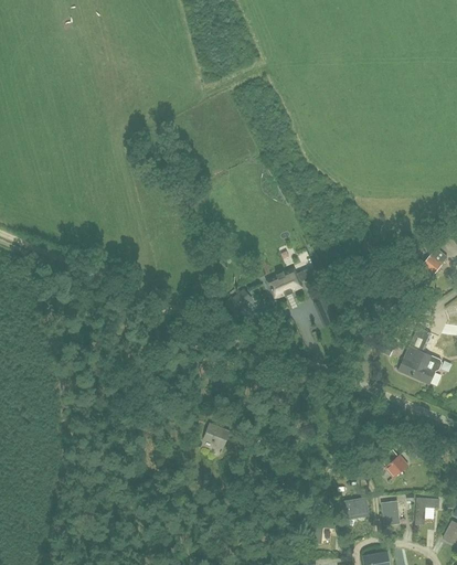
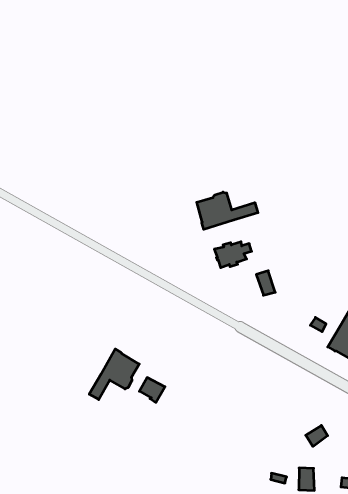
building: none -> [197,192,258,229]
building: none -> [89,349,139,400]

